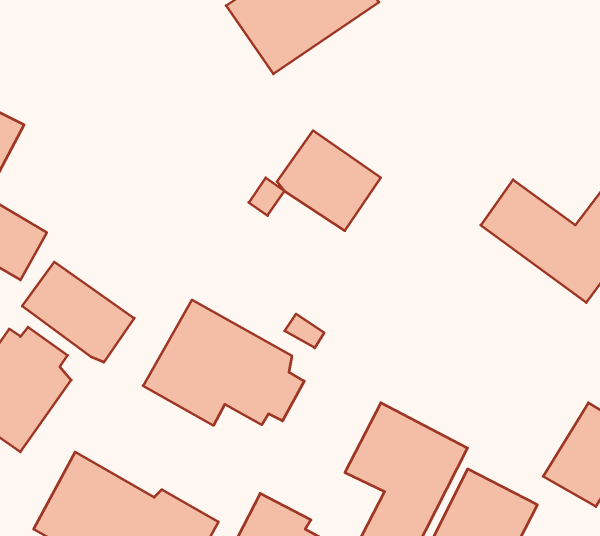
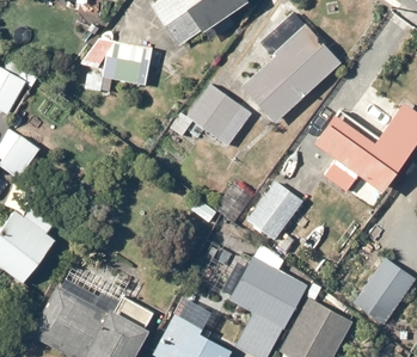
building: none -> [241,25,341,123]
building: none -> [105,44,149,82]
building: [22,262,134,362] -> none
building: none -> [246,181,301,239]
building: [143,300,304,425] -> none

